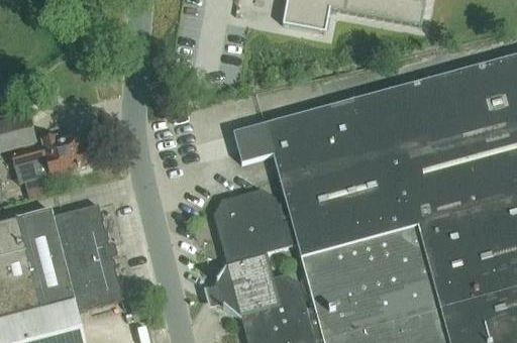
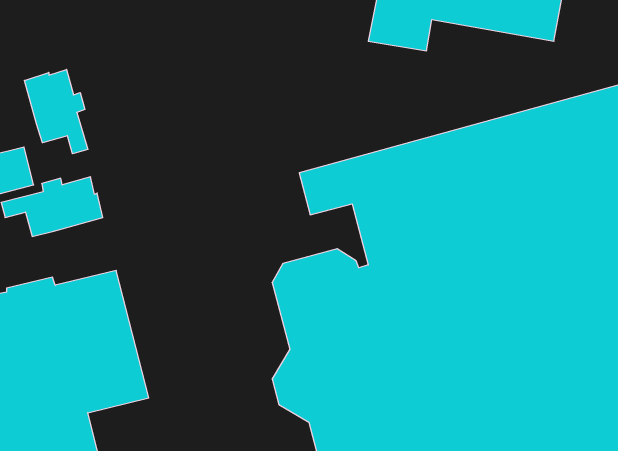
building: none -> [24,69,88,154]

